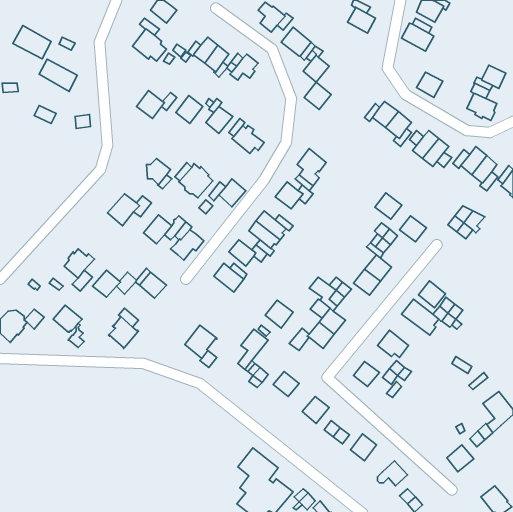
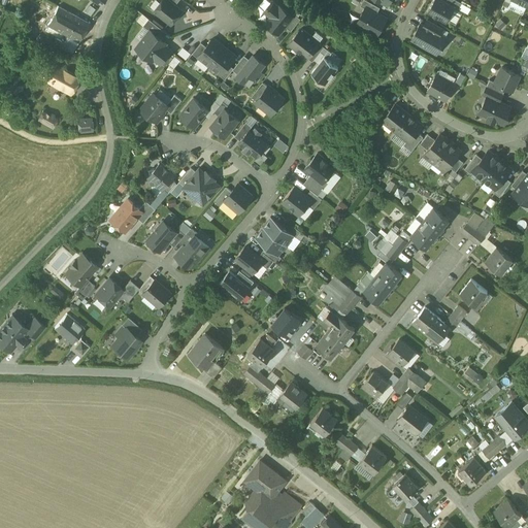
building: [13,26,51,59] -> [47,7,87,41]
building: [304,82,331,109] -> [256,88,284,116]
building: [375,193,402,219] -> [422,208,450,235]
building: none -> [485,248,513,275]
building: [418,281,446,308] -> [460,279,488,307]
building: none -> [398,406,432,438]

